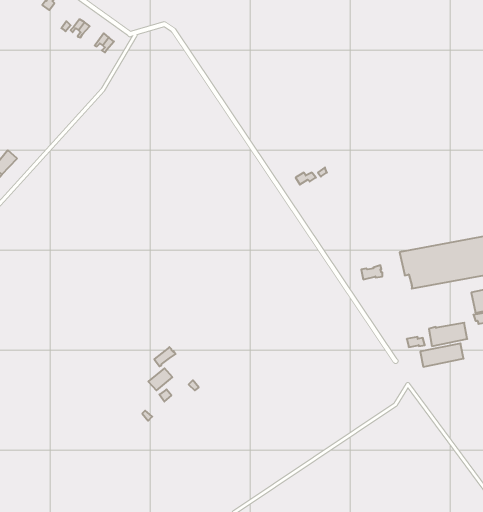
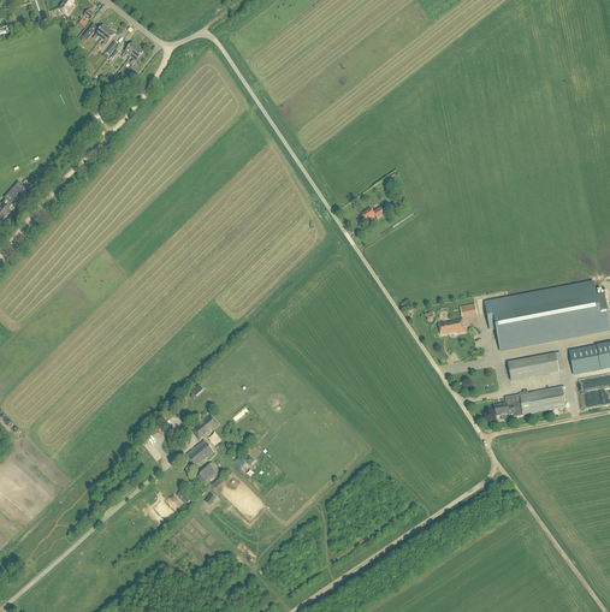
building: [420,343,464,367] -> [508,352,559,380]

